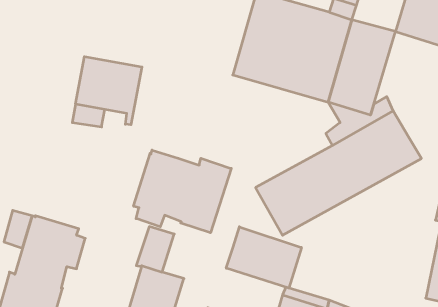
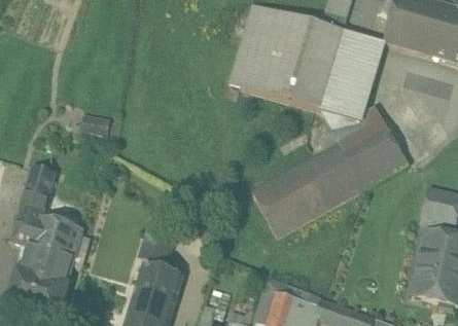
building: [76,57,142,125] -> none
building: [134,150,231,233] -> none
building: none -> [20,167,54,216]
building: [226,227,301,288] -> none

